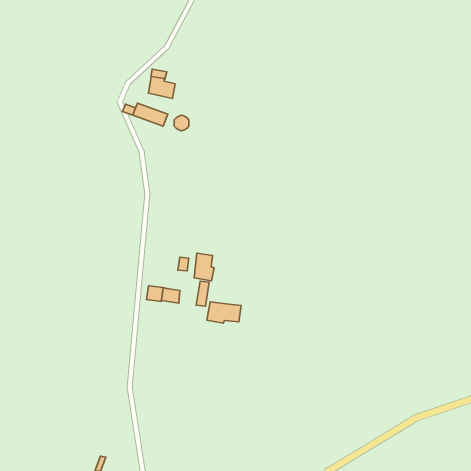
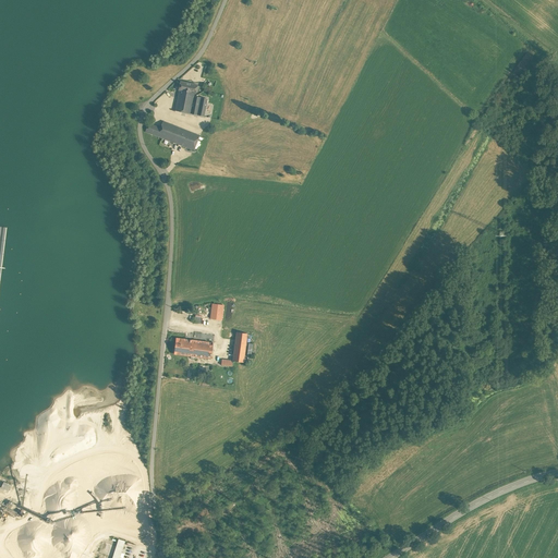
building: [194,253,214,281] -> none
building: [207,302,241,323] -> none

